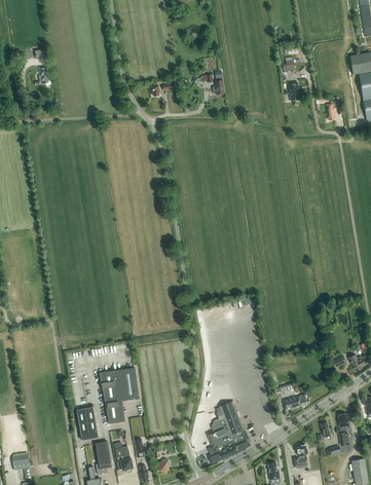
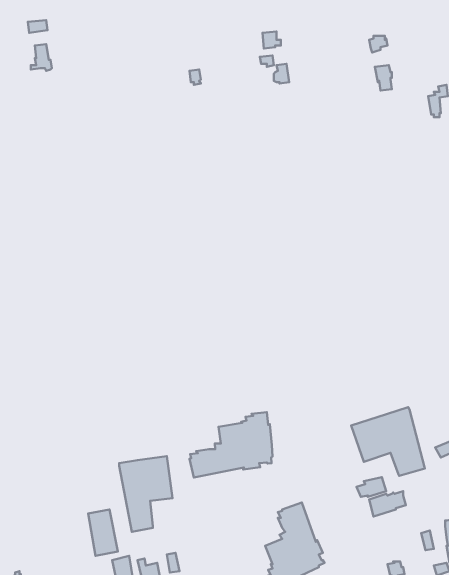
building: none -> [351,407,425,476]
building: none -> [190,412,273,477]

